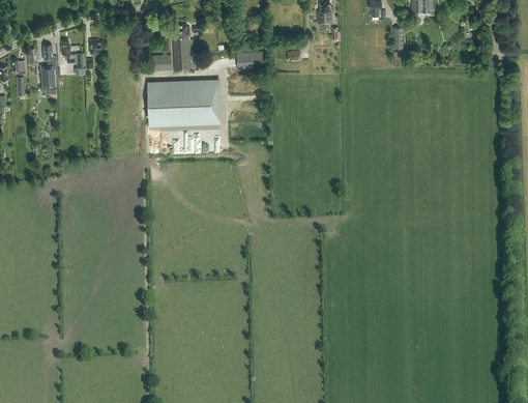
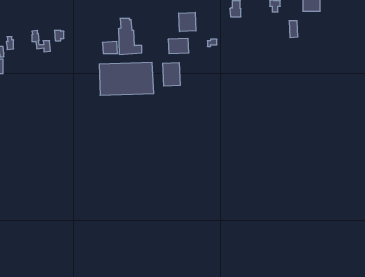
building: none -> [179,12,196,32]
building: [40,45,57,87] -> none
building: none -> [163,63,180,86]

